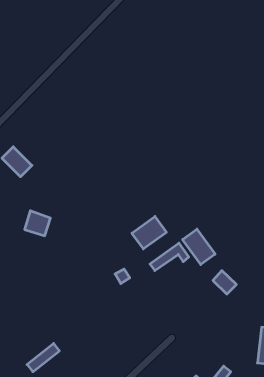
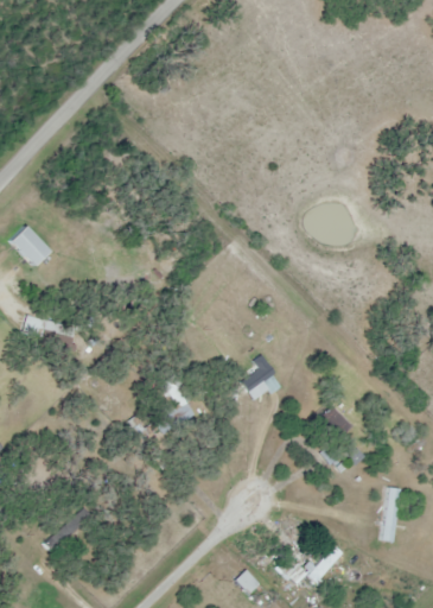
building: [132,216,166,249] -> none
building: [183,229,215,265] -> none

